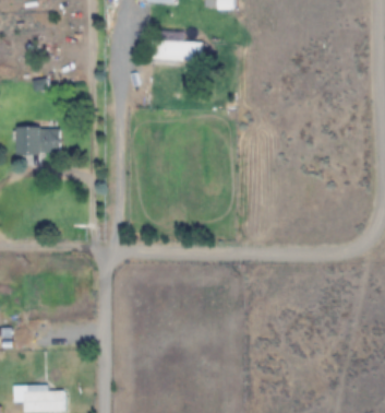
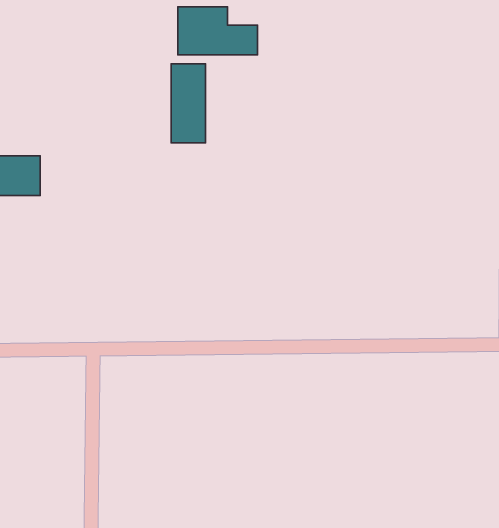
building: none -> [171,64,205,143]

